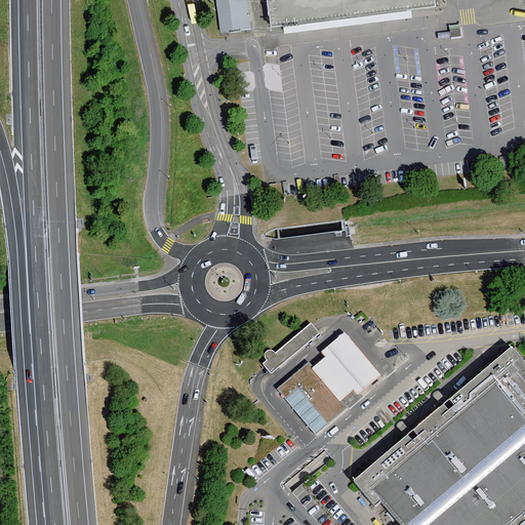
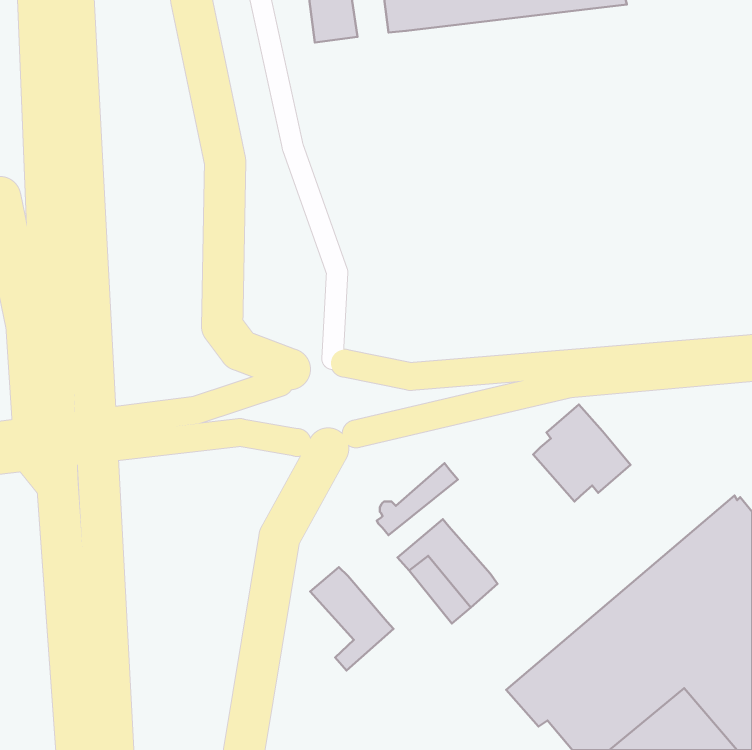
building: [313,332,380,400] -> [533,405,630,502]
building: none -> [310,567,394,671]

